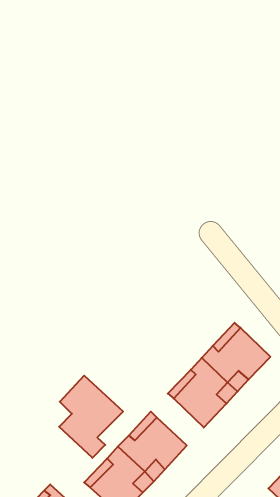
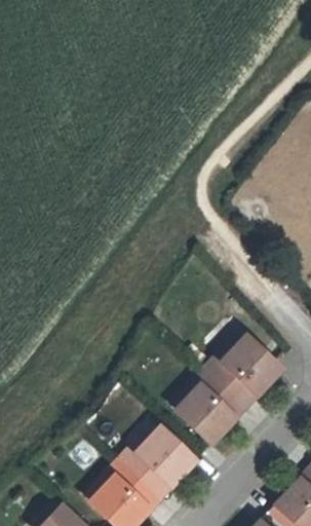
building: [59,376,123,458] -> none

